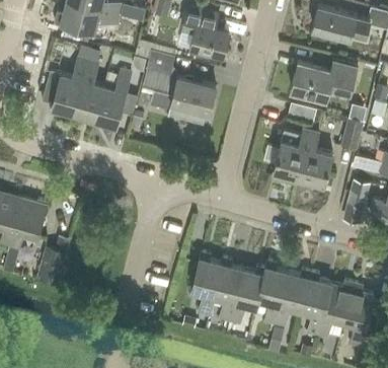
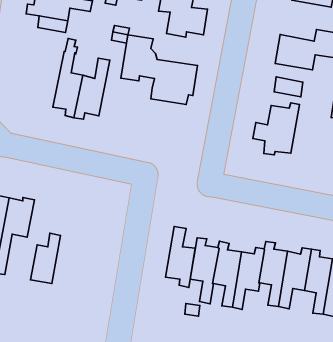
building: [42,58,88,116] -> none
building: [299,131,332,189] -> none
building: none -> [166,226,195,287]

